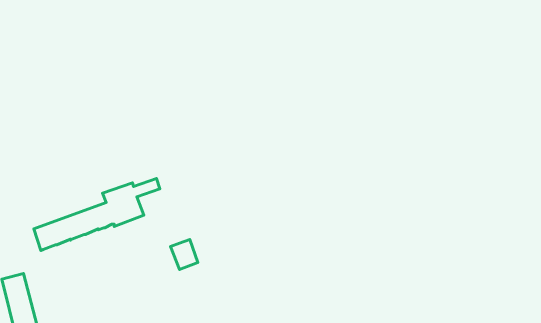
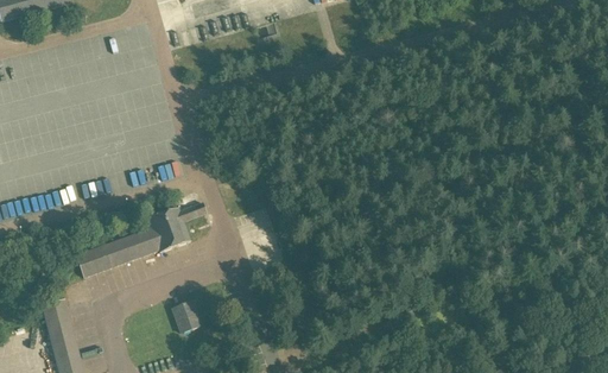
building: [170,240,198,269] -> [171,301,200,331]

